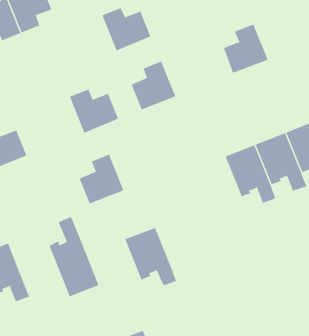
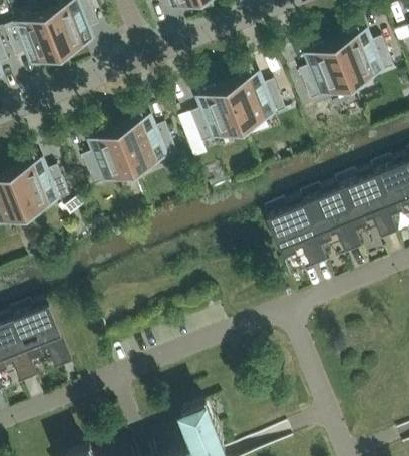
building: [101,7,151,51] -> [226,78,284,129]
building: none -> [334,35,392,86]
building: [79,154,124,204] -> [81,129,134,188]
building: [49,216,99,297] -> none
building: [125,227,177,293] -> [264,199,325,277]

